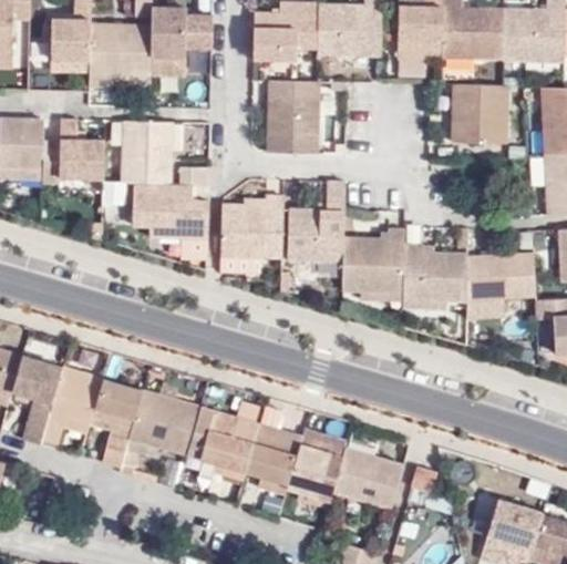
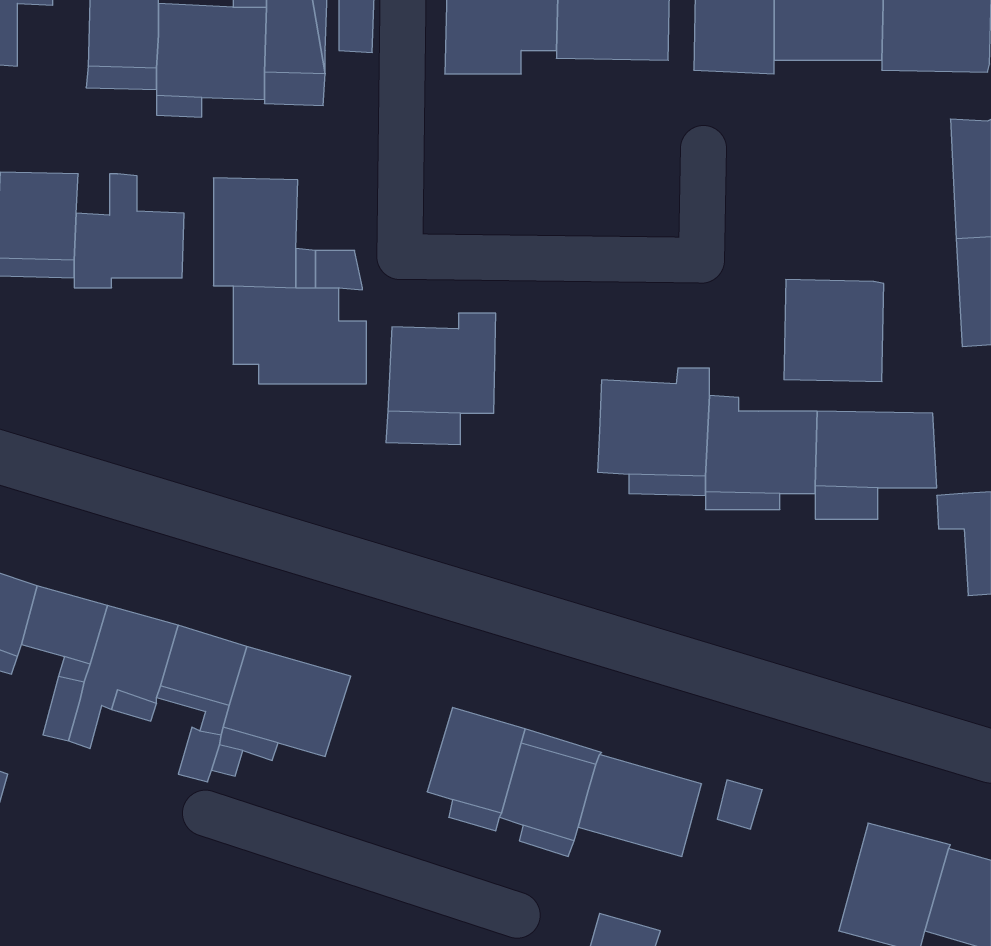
building: [267,82,321,155] -> none
building: [450,86,506,144] -> [784,280,884,382]
building: [287,182,343,265] -> none
building: [186,403,258,478] -> none

